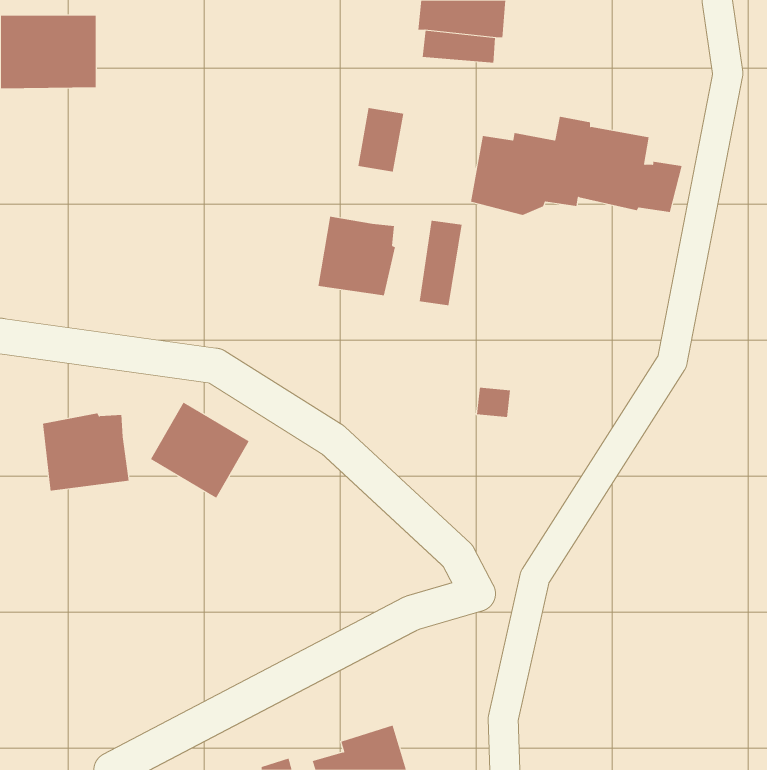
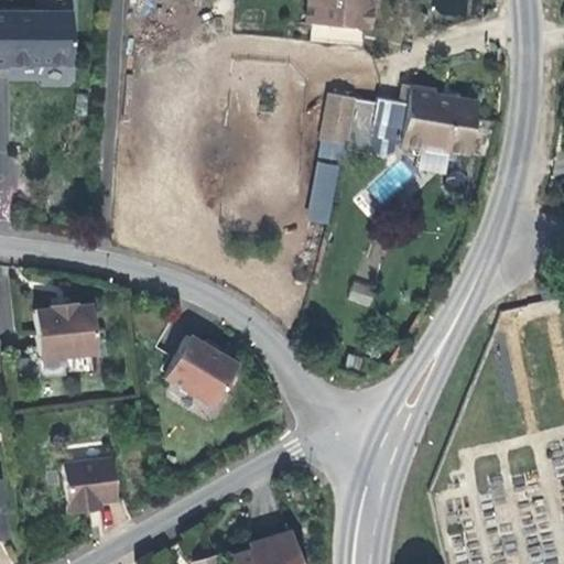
building: [357,107,404,172] -> [321,95,355,142]
building: [318,216,396,296] -> none
building: [150,402,250,498] -> [164,335,237,405]
building: none -> [62,456,115,511]

